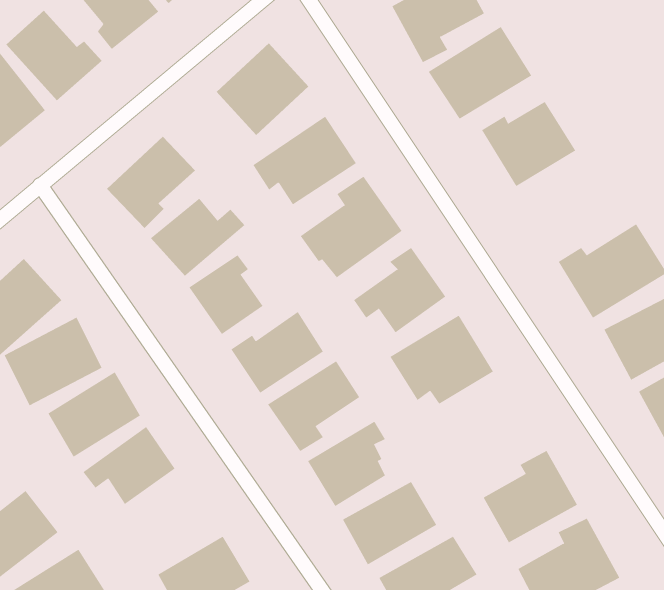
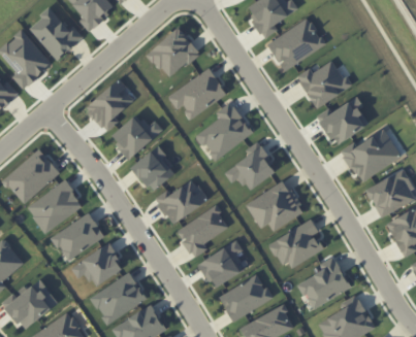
building: none -> [319,95,370,145]
building: none -> [270,218,323,271]
building: none -> [91,272,148,325]

